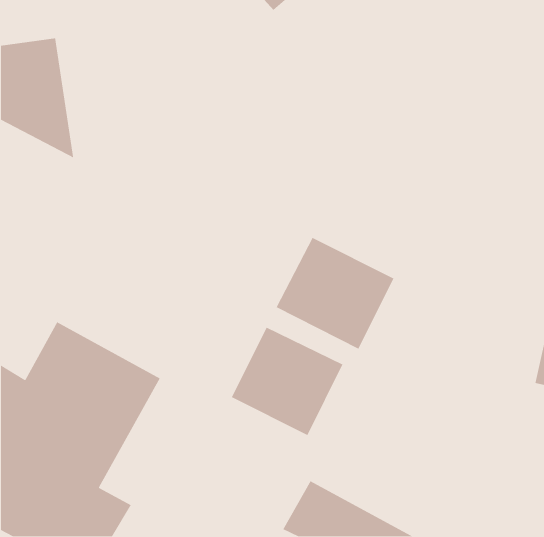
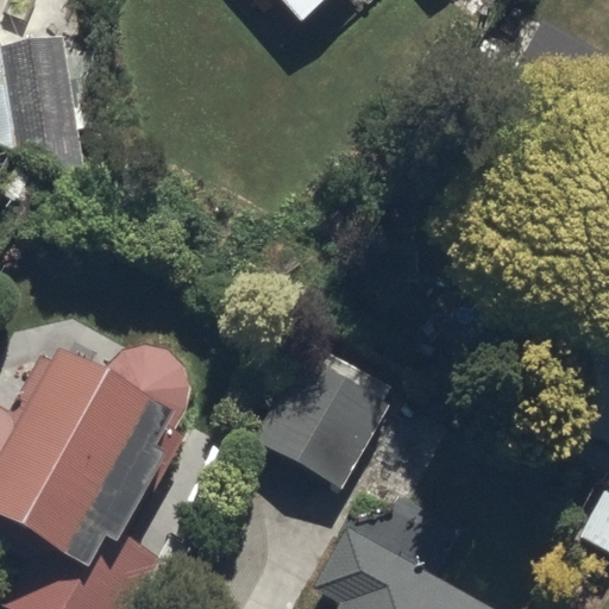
building: [276,237,395,350] -> none

